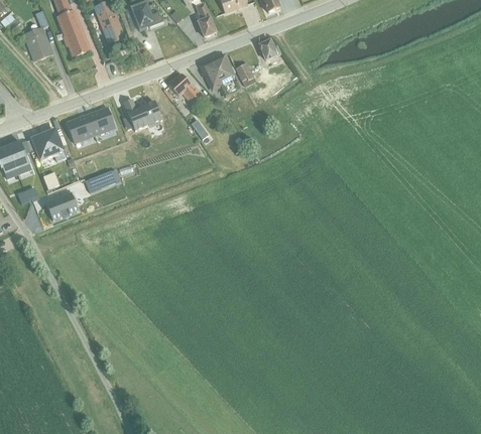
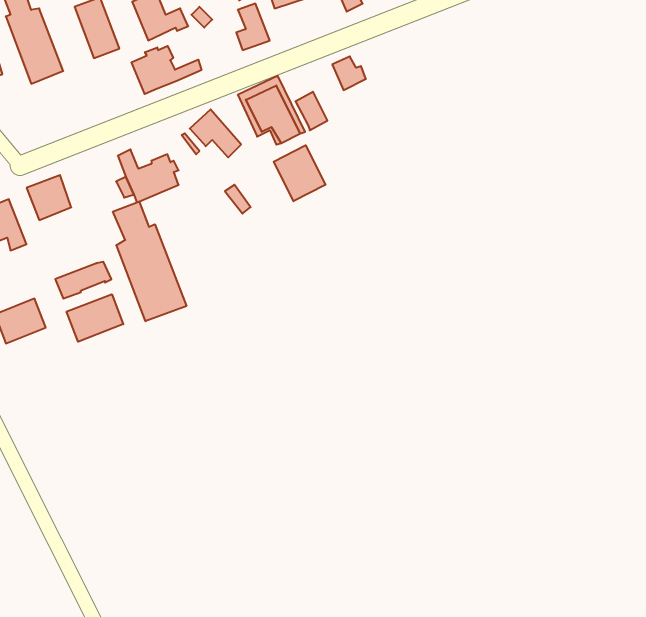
building: none -> [132,46,201,94]
building: none -> [274,145,325,201]
building: [87,108,115,135] -> none
building: none -> [113,202,186,321]
building: none -> [67,294,123,342]

